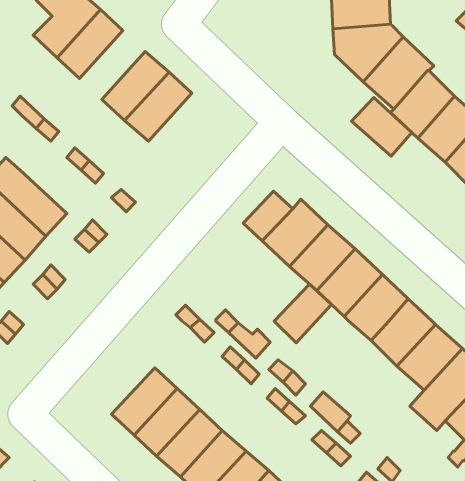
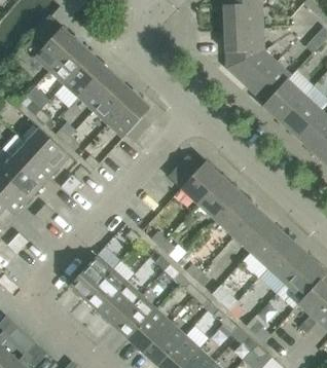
building: none -> [64,53,106,98]
building: none -> [108,94,151,143]
building: [352,97,412,156] -> none
building: none -> [26,127,70,171]
building: [274,284,331,343] -> none
building: none -> [69,255,112,299]

